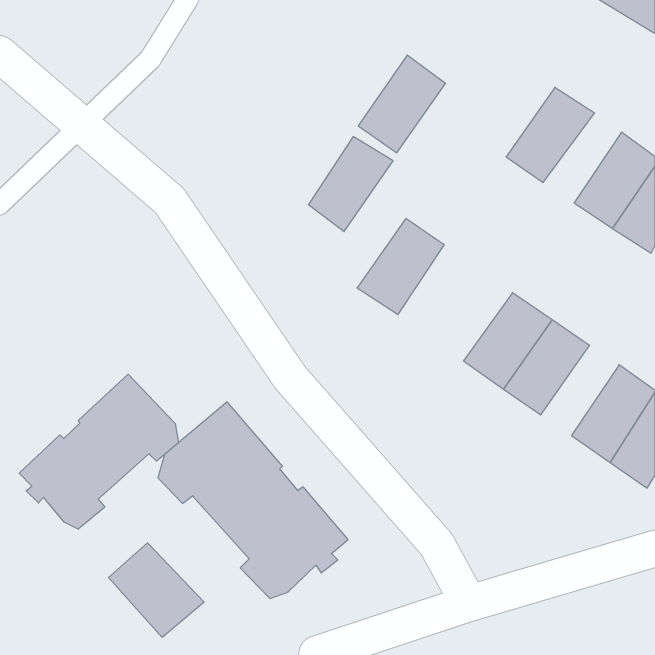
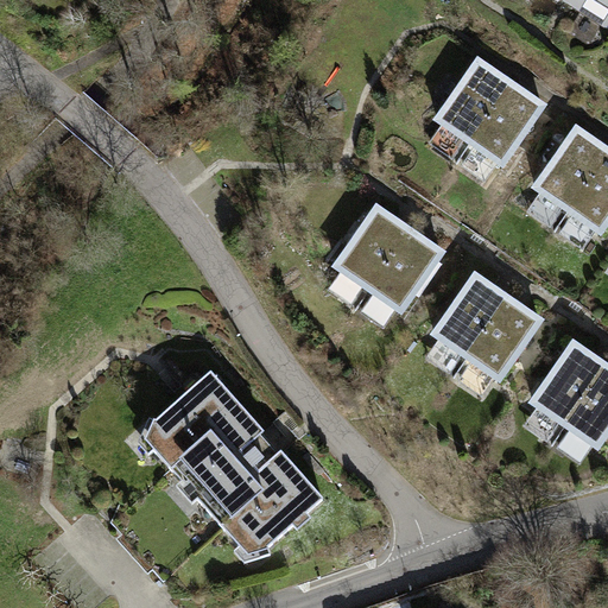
building: [358,55,446,153] -> [432,55,513,145]
building: [308,137,393,232] -> [368,228,446,316]
building: [19,374,178,529] -> none
building: [108,543,204,637] -> none

